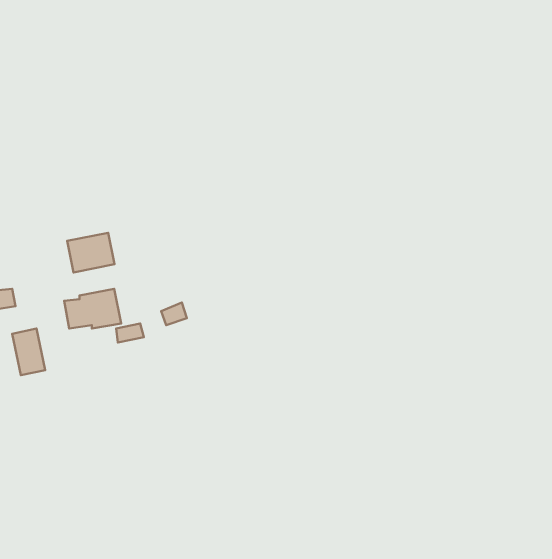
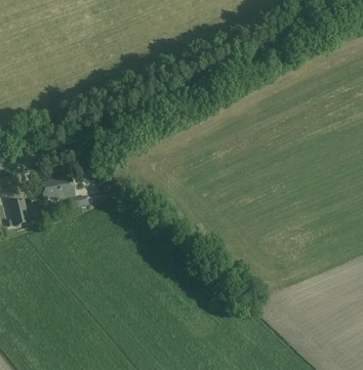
building: [67,233,114,272] -> none

